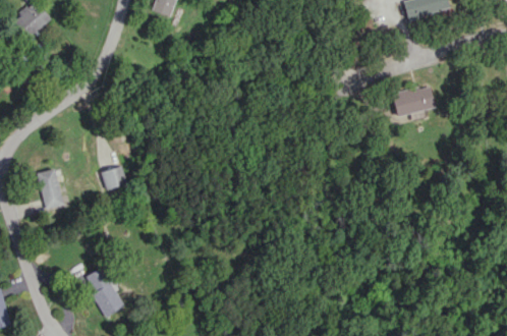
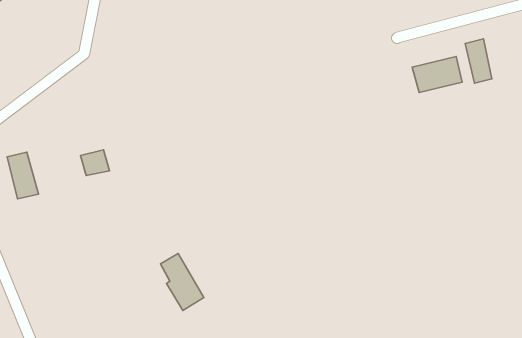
building: none -> [465,39,492,83]
building: [86,267,123,317] -> [161,253,204,310]

